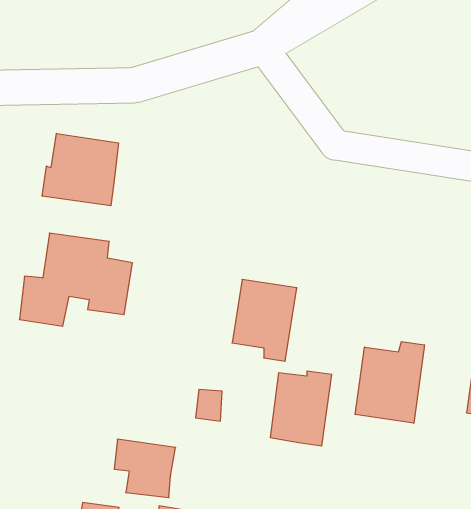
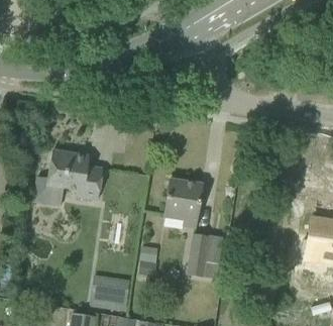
building: [42,133,118,206] -> none
building: [355,342,425,423] -> none

